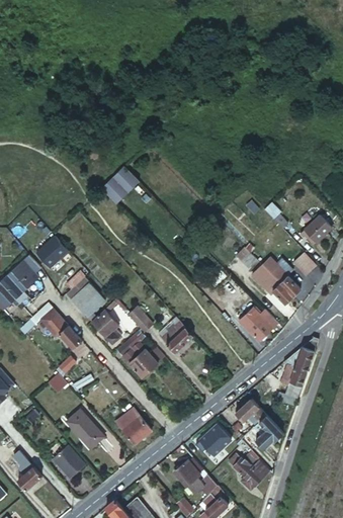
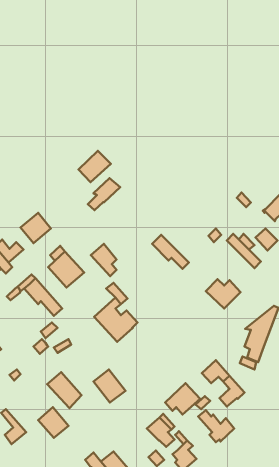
building: none -> [88,178,120,210]
building: [252,266,292,304] -> [152,235,189,269]
building: [90,310,118,345] -> [91,244,117,276]
building: [160,321,193,353] -> none

